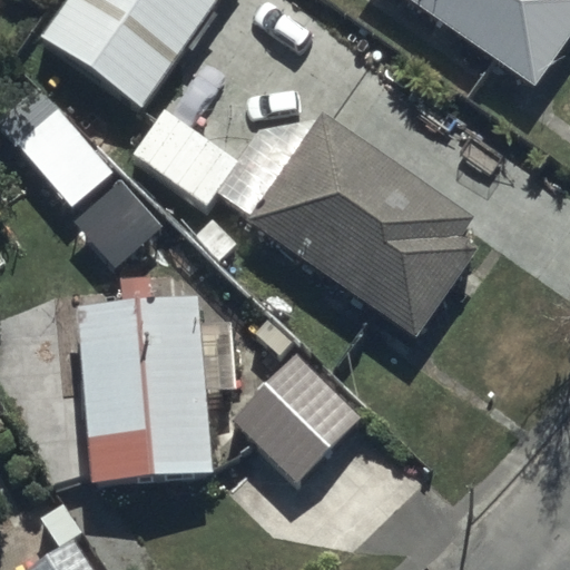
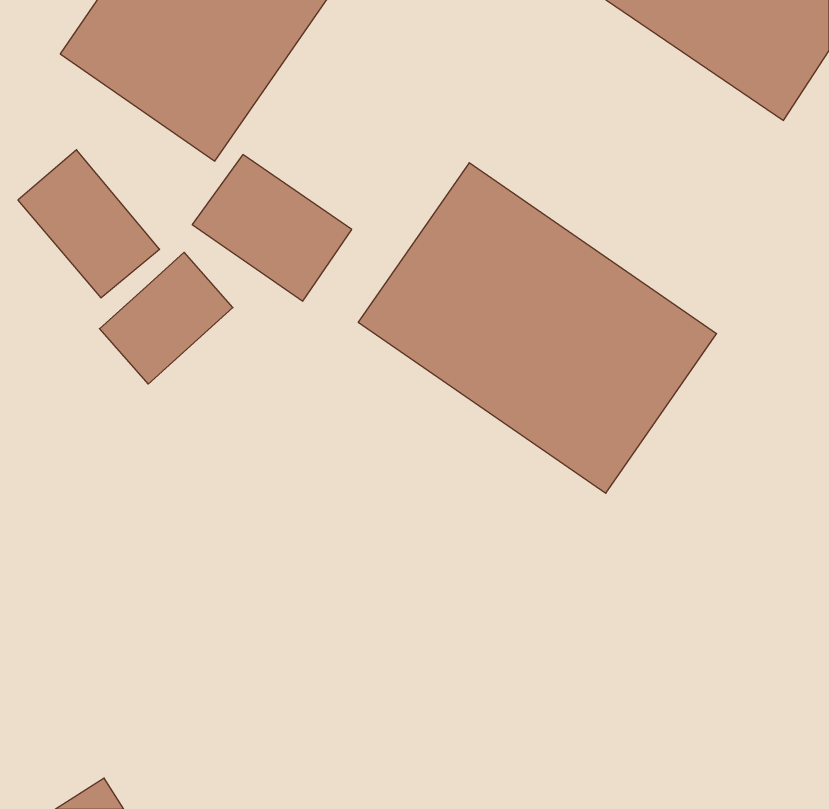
building: [77,295,214,483] -> none
building: [226,347,363,484] -> none

